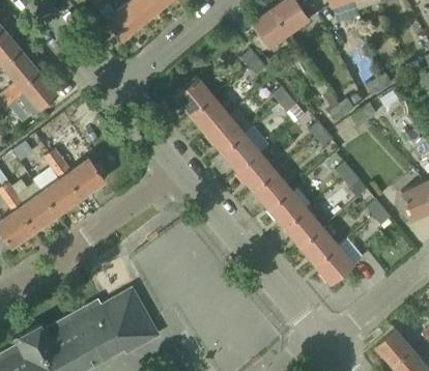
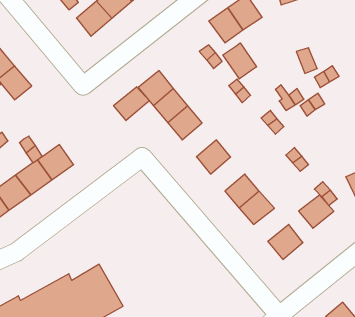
building: none -> [223,43,257,79]
building: none -> [114,87,149,121]
building: [222,135,259,172] -> none
building: [253,172,290,209] -> none
building: [299,228,338,264] -> [299,195,334,228]

